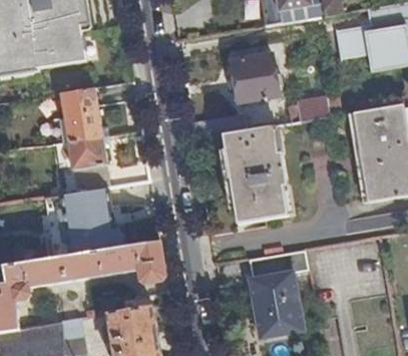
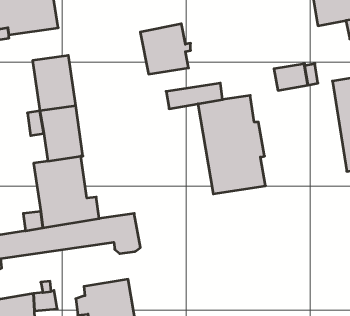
building: [230,53,279,102] -> [140,24,191,74]
building: [247,249,308,337] -> none

